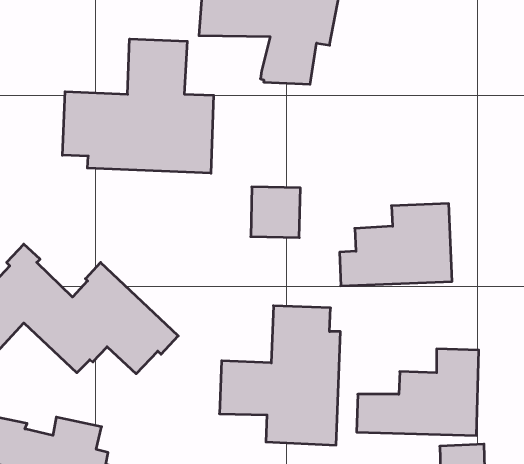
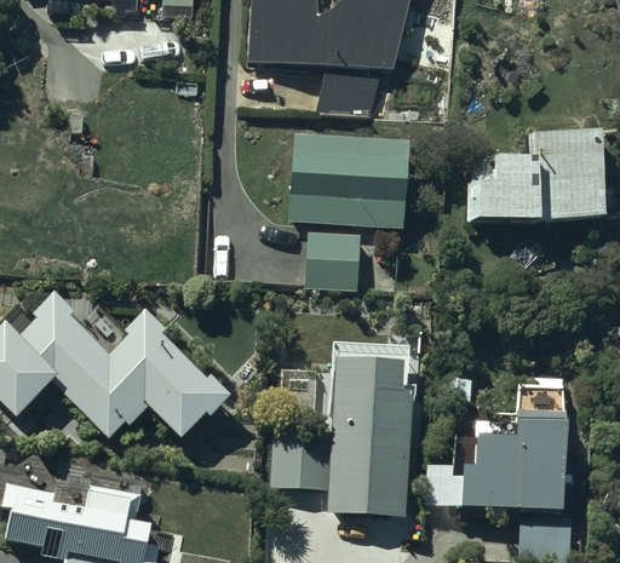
building: [62,39,214,173] -> none
building: none -> [289,136,408,225]
building: [340,204,452,286] -> [476,127,602,219]

